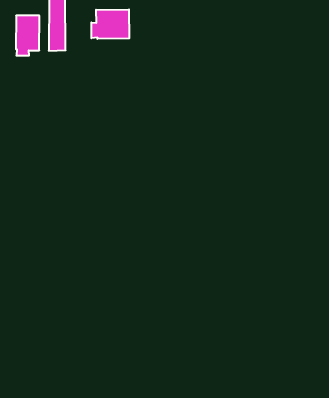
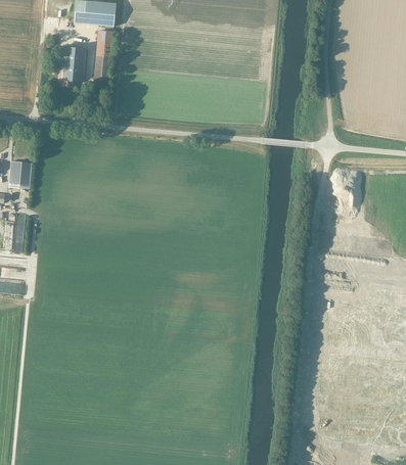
building: [91,9,129,39] -> none

